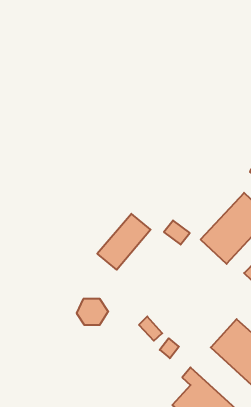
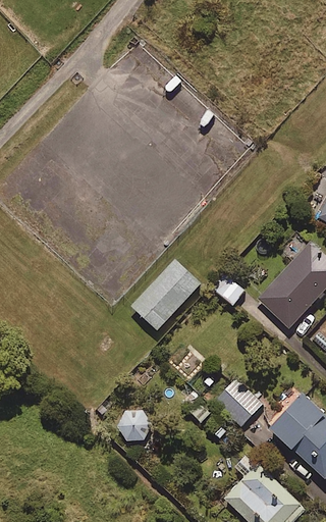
building: [77,299,108,325] -> [115,409,154,440]
building: none -> [215,378,262,425]

